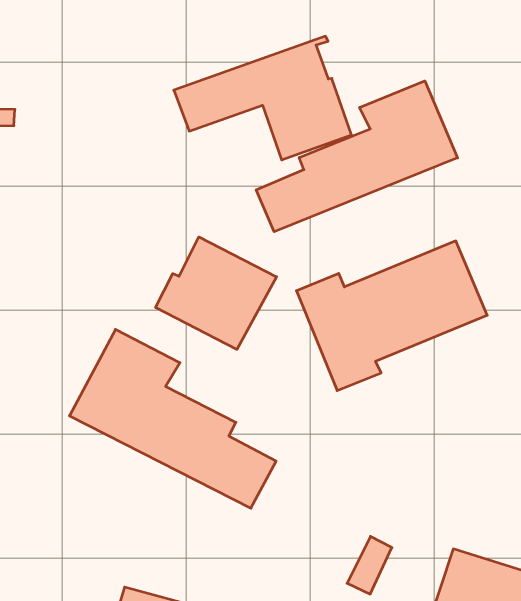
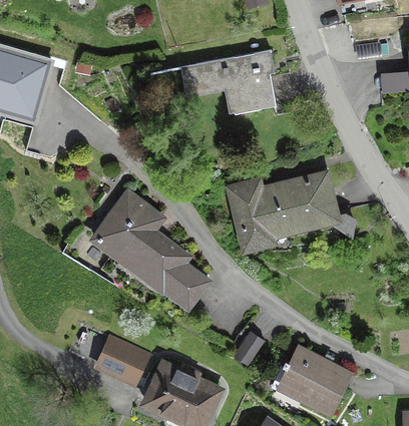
building: [256,81,458,232] -> none
building: [156,237,277,349] -> none

